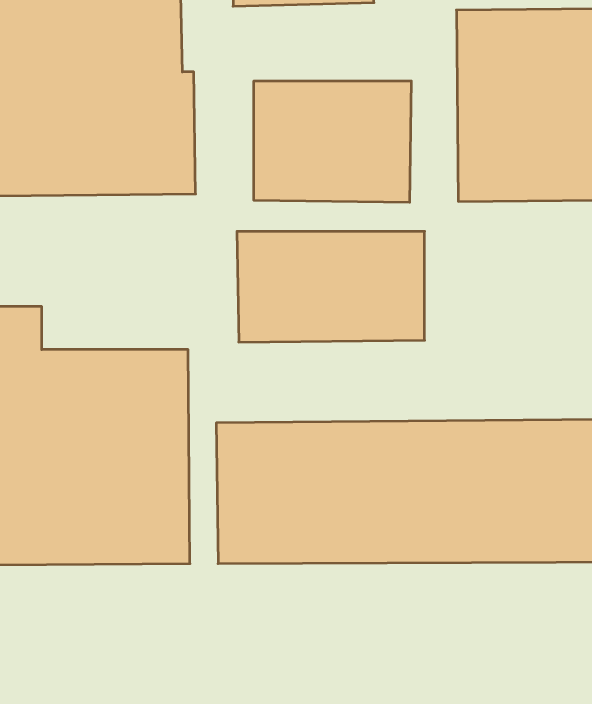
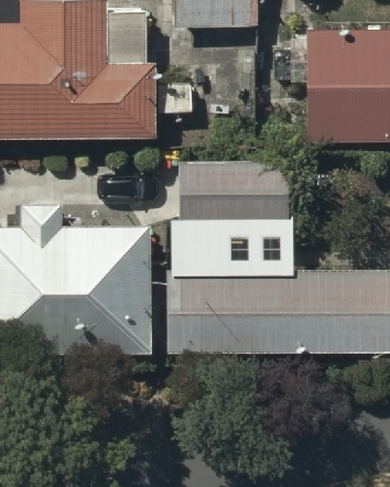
building: [254,81,411,202] -> none

